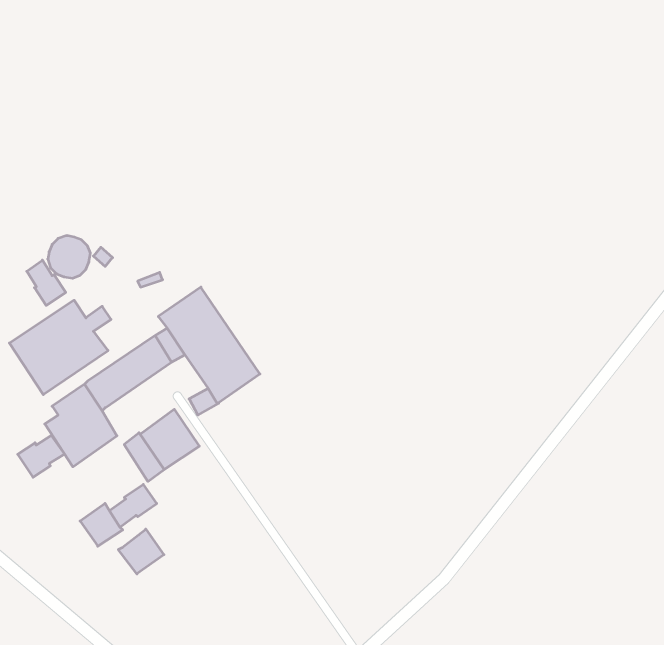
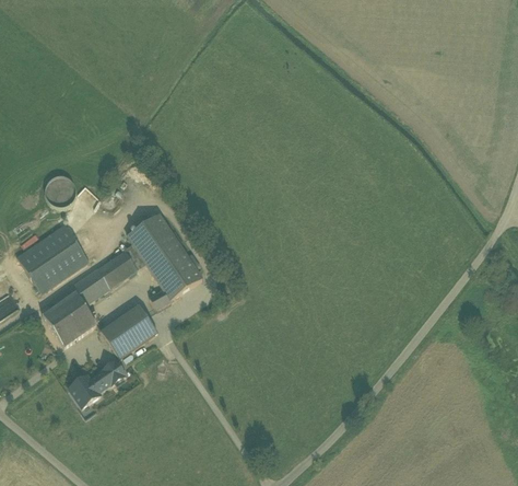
building: [27,260,66,305] -> none
building: [18,436,64,477] -> none
building: [118,529,164,574] -> none

